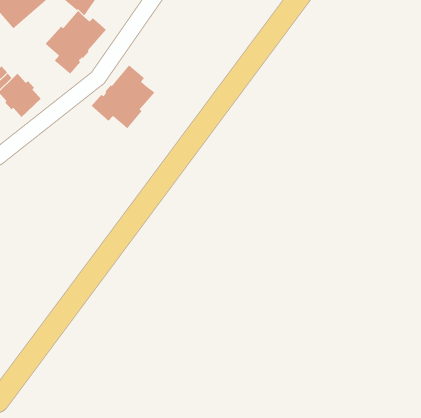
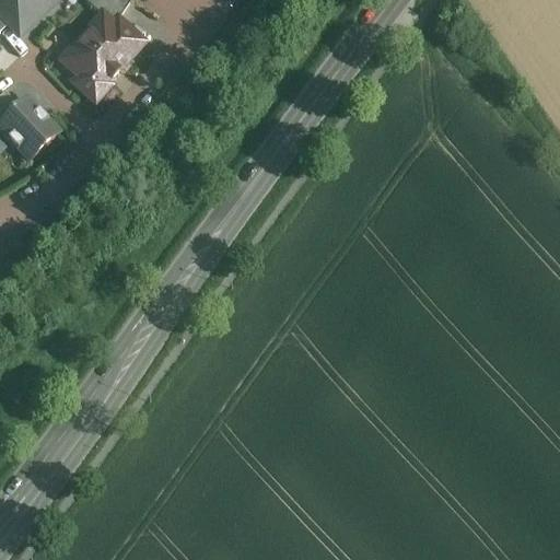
building: [91,65,155,129] -> none

